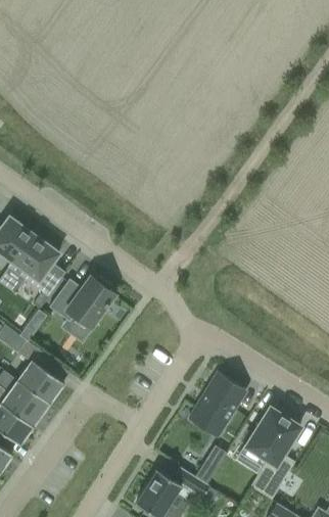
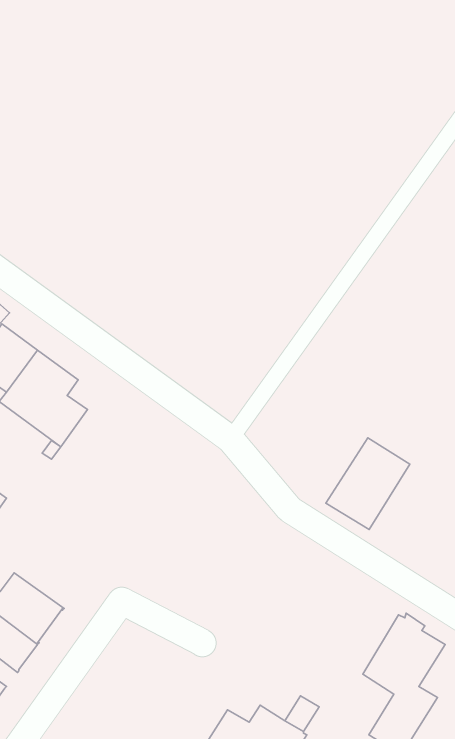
building: [50,276,115,328] -> none
building: [17,340,64,404] -> none
building: [190,375,245,435] -> [326,438,410,530]

